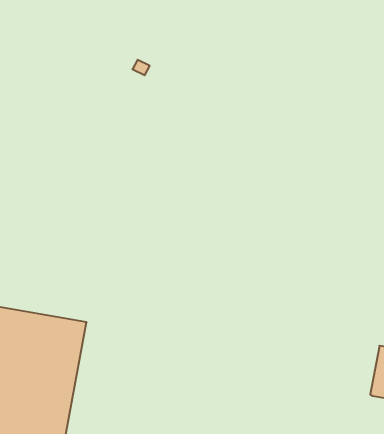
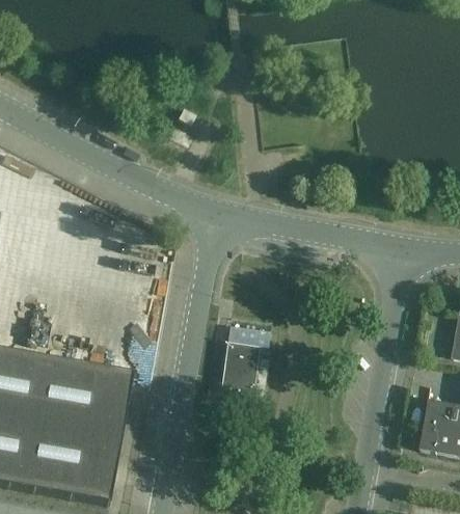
building: none -> [219,339,260,391]

